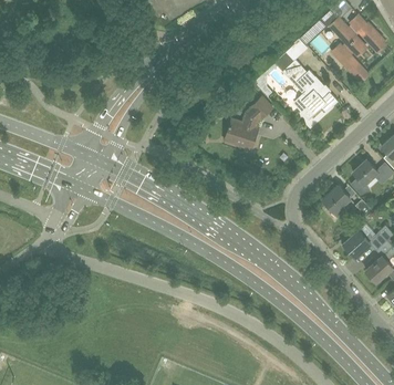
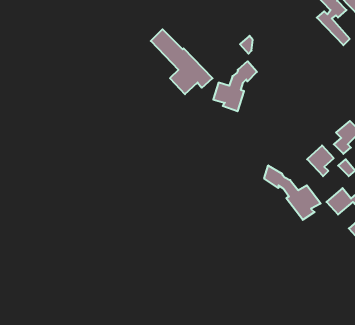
building: [274,51,339,118] -> [151,29,213,94]
building: none -> [264,165,321,220]

